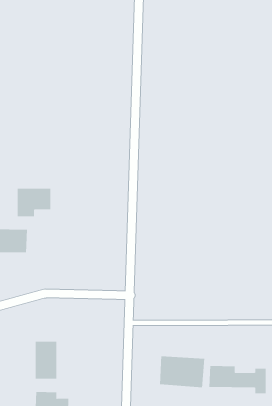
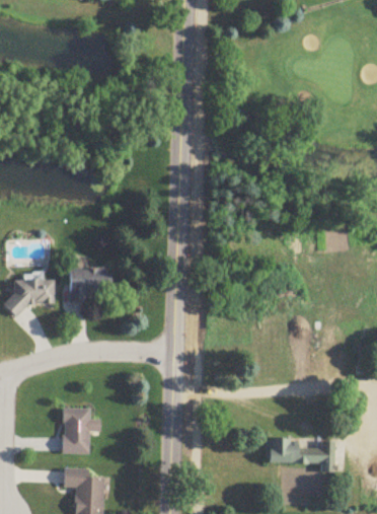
building: [17,188,51,217] -> [69,267,109,300]
building: [159,356,205,388] -> none

